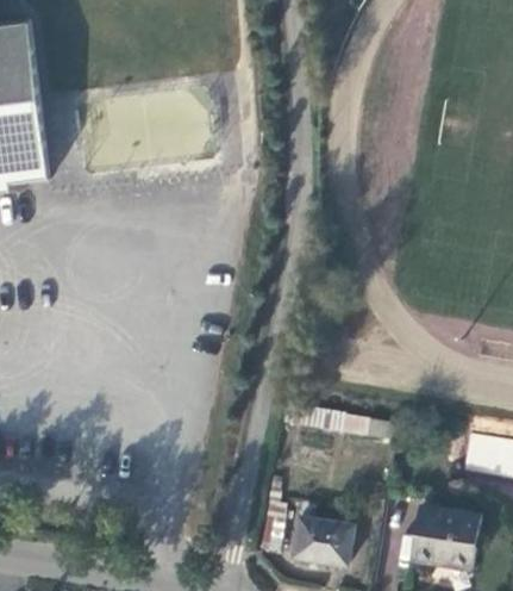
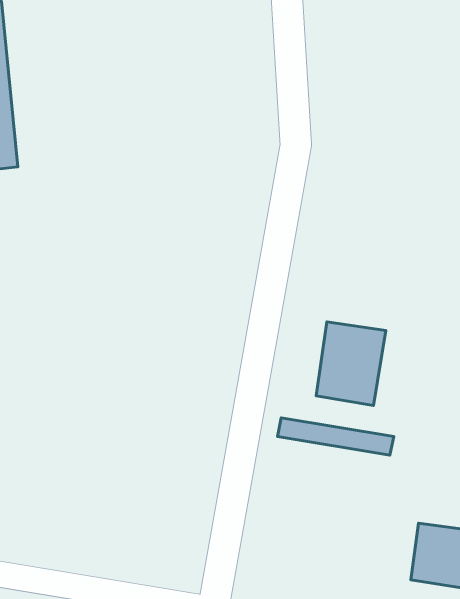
building: none -> [316,322,386,406]
building: [294,517,356,566] -> none

